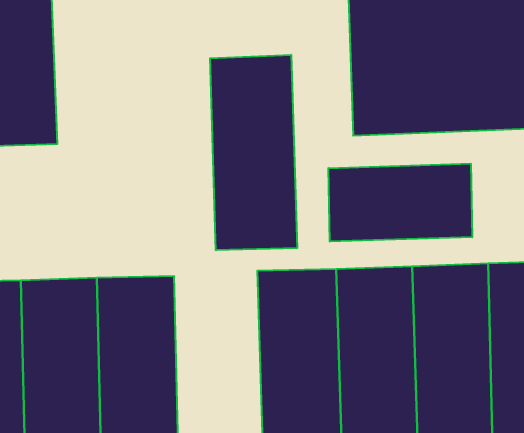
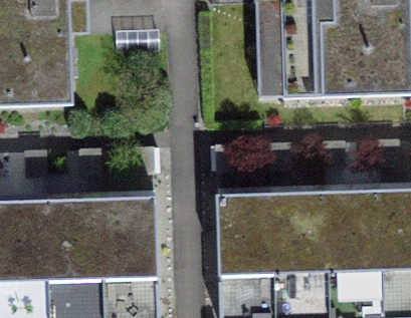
building: [210,55,297,250] -> none
building: [328,164,472,242] -> none

